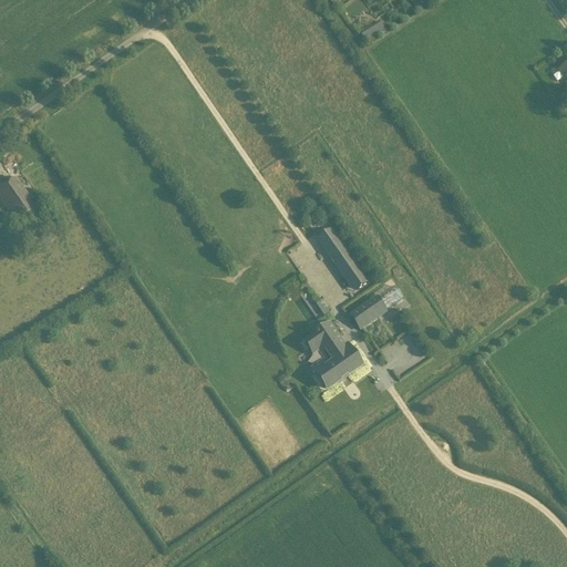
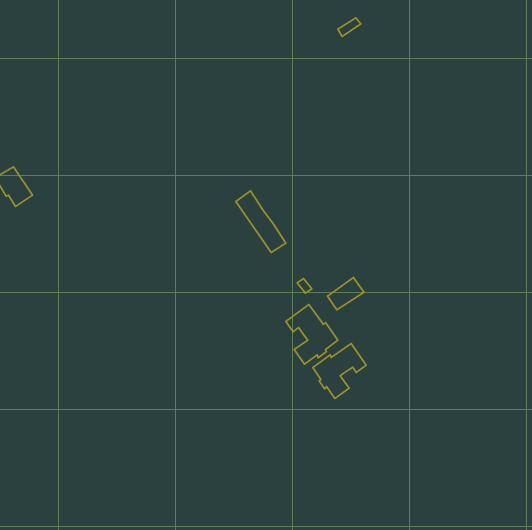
building: [315,226,368,291] -> [236,191,286,252]
building: none -> [313,344,366,398]

